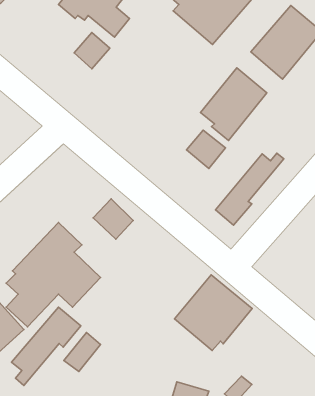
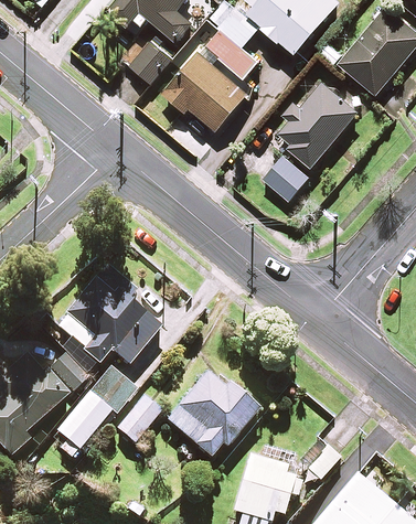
building: none -> [205,10,259,79]
building: none -> [162,51,247,131]
building: [215,153,284,225] -> none
building: [93,199,133,239] -> none
building: [175,275,252,350] -> [167,367,258,457]

